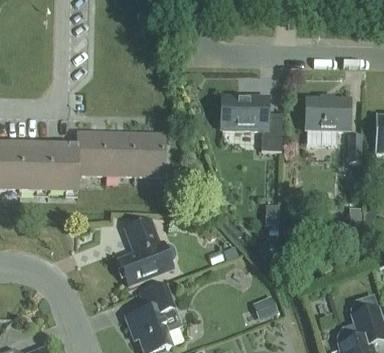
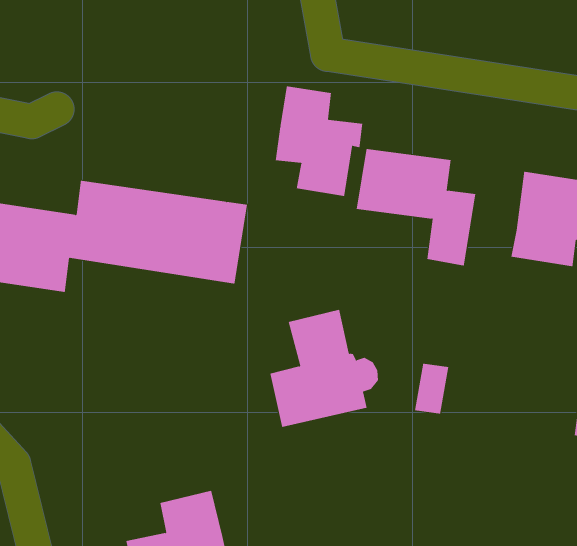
building: none -> [275,85,363,197]
building: [119,218,176,283] -> [269,309,379,427]

